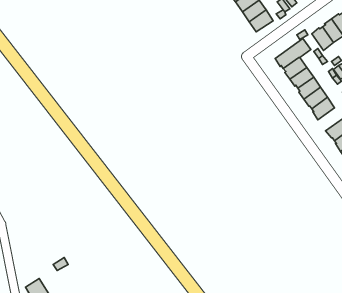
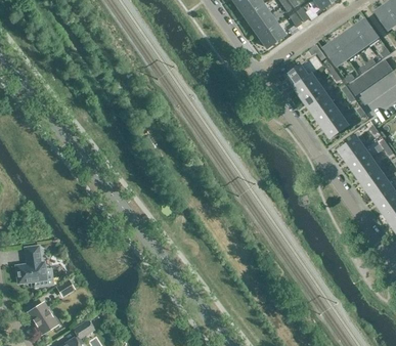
building: none -> [15,246,53,287]

